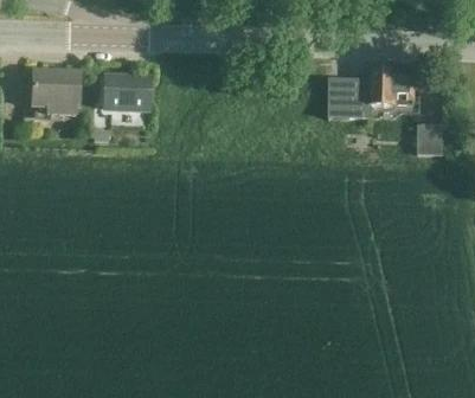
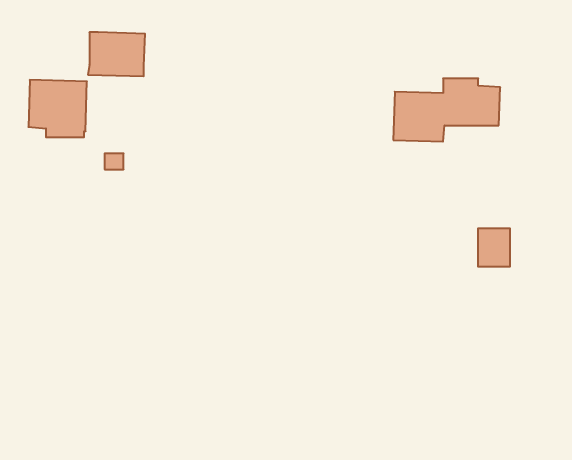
building: [105,75,152,110] -> [88,32,145,76]
building: [418,123,444,154] -> [478,228,510,267]

